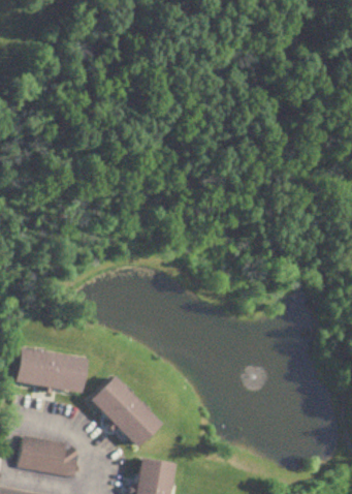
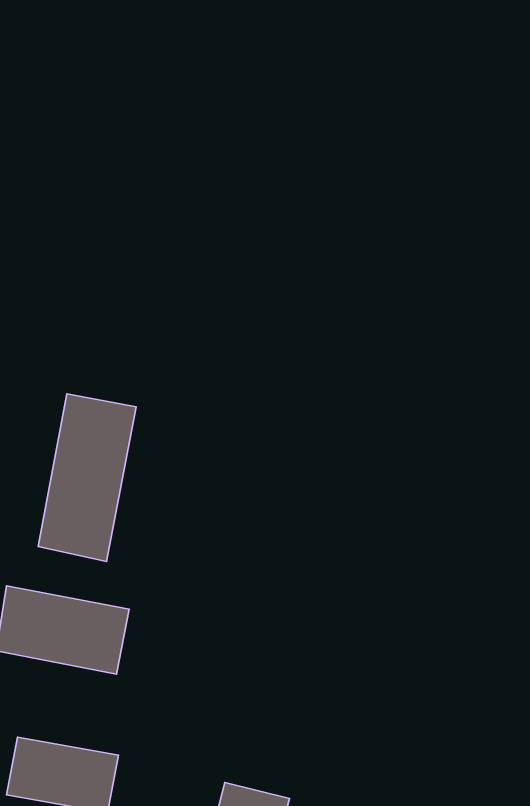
building: none -> [38,394,136,561]
building: [86,373,163,449] -> none

